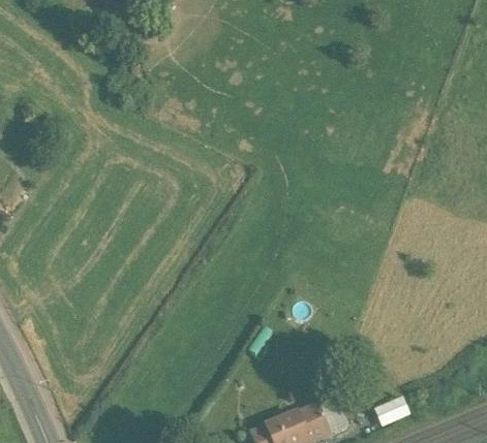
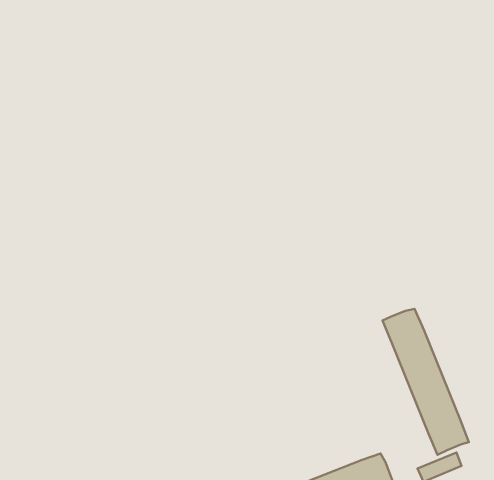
building: none -> [382,309,469,455]

